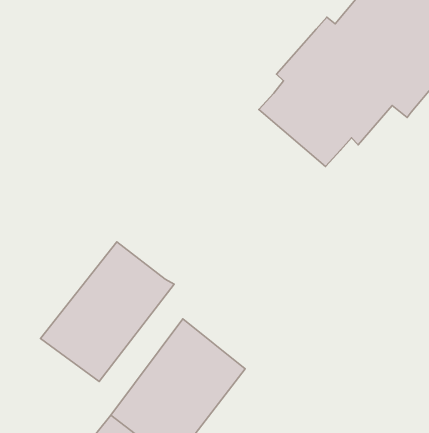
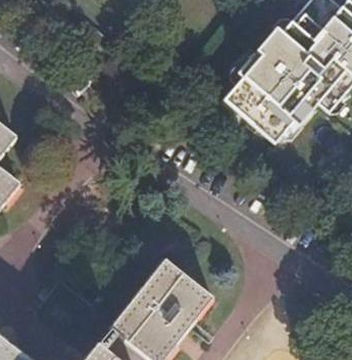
building: [40,242,174,382] -> none

